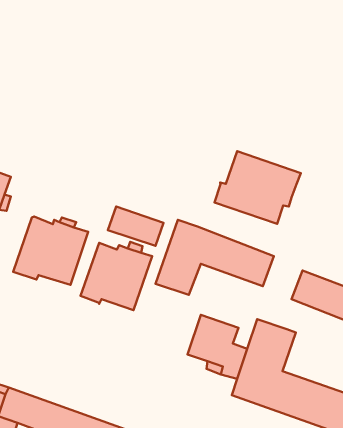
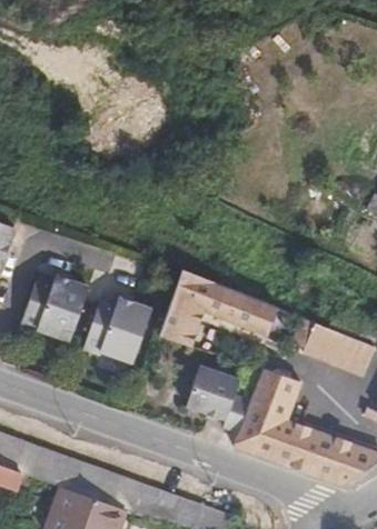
building: [215,151,301,224] -> none
building: [108,206,163,246] -> none

